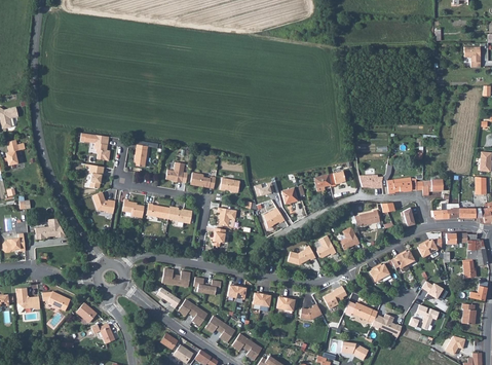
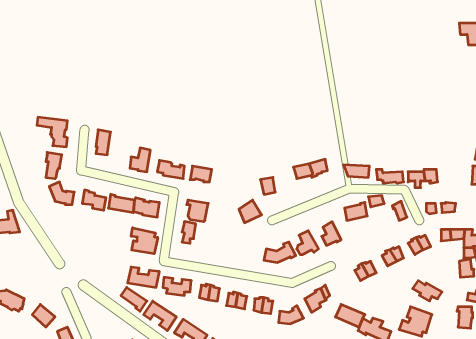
building: none -> [131,228,158,254]

